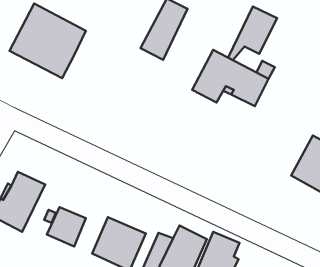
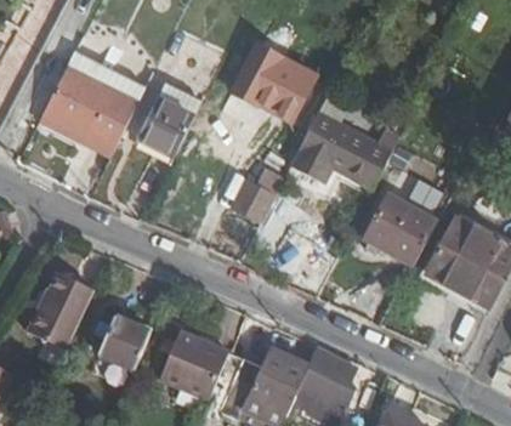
building: [228,6,277,60] -> [251,55,317,126]
building: none -> [137,80,203,154]
building: none -> [233,165,284,217]
building: none -> [370,186,443,255]

